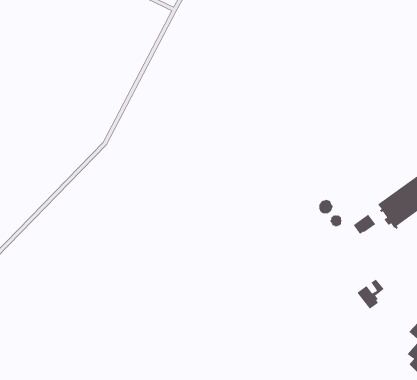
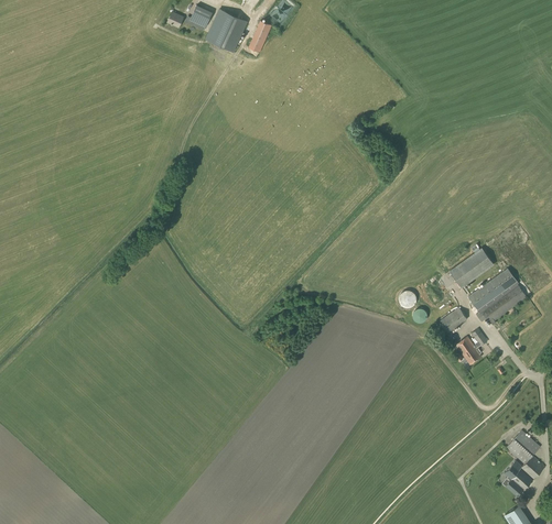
building: none -> [448,243,494,287]
building: [357,279,385,309] -> [455,328,488,364]

